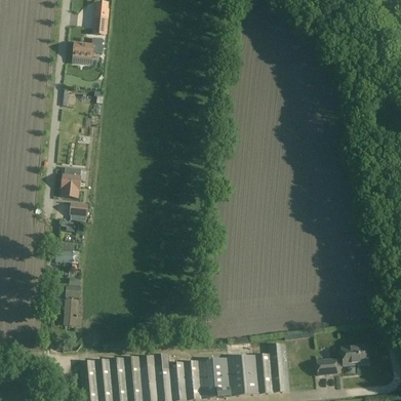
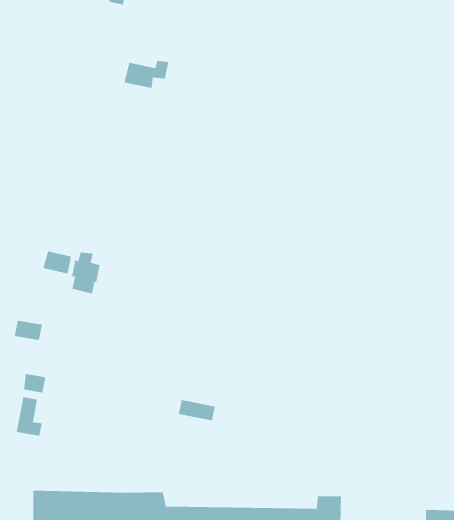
building: [73,38,102,57] -> [124,60,169,89]
building: [62,169,80,197] -> [71,252,100,295]

